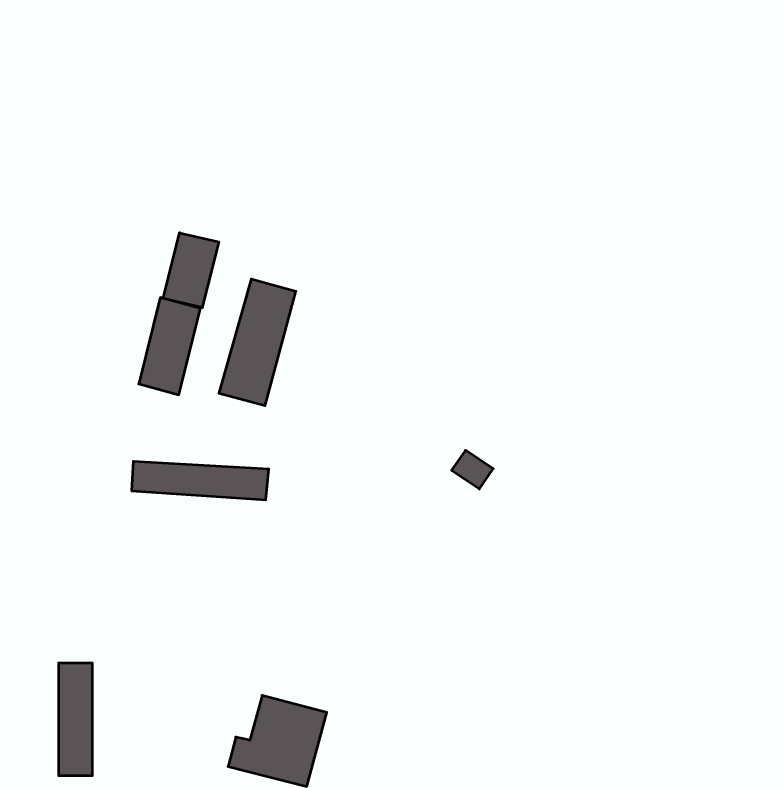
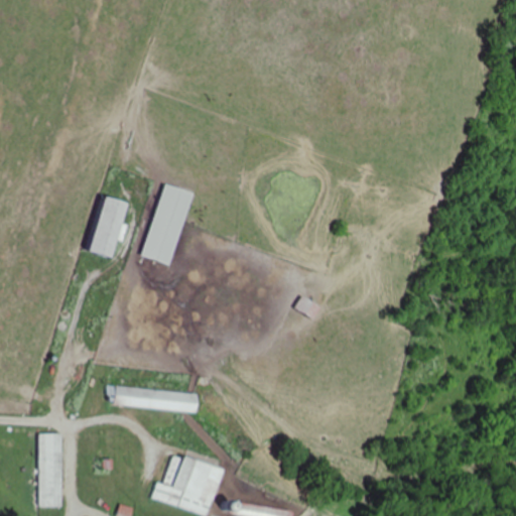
building: [163,233,219,308] -> none
building: [132,461,269,500] -> [109,386,199,411]

